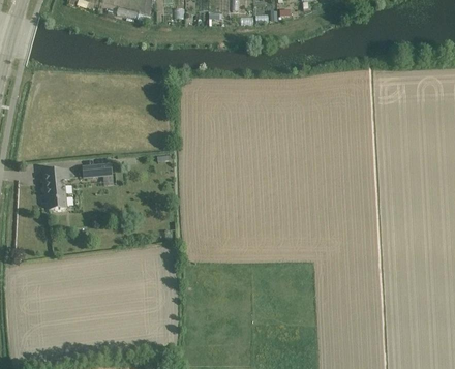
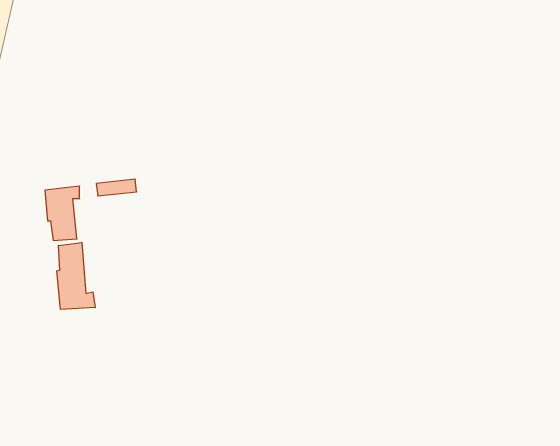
building: none -> [57,242,95,309]

